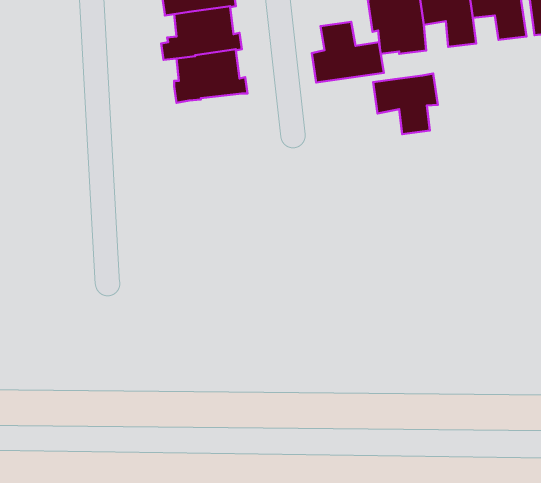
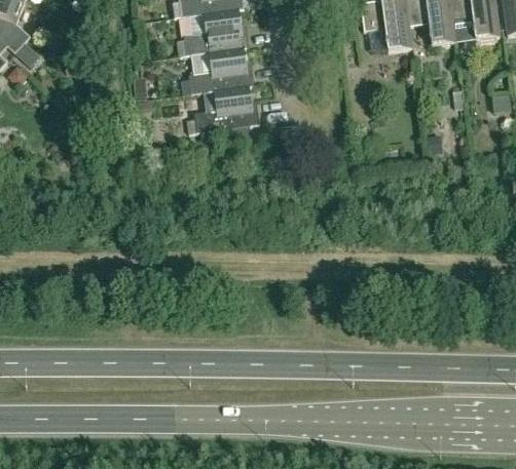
building: [312,22,384,82] -> none
building: [373,74,438,134] -> none
building: none -> [194,84,259,130]

